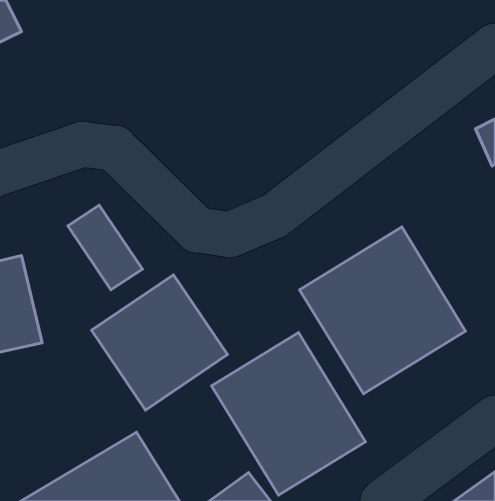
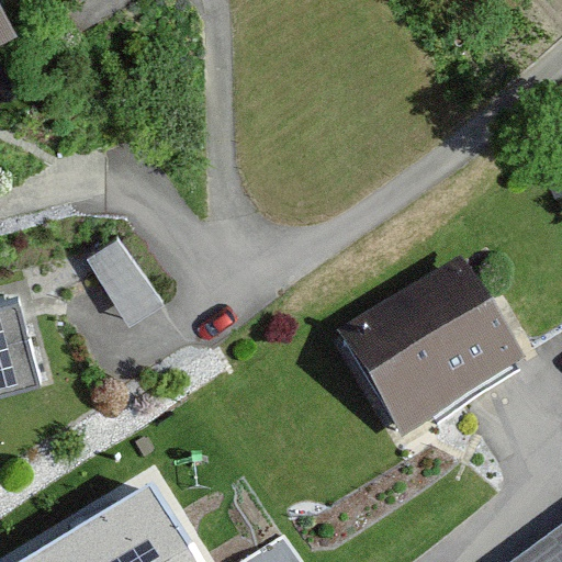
building: [92,275,227,410] -> none
building: [212,332,365,495] -> none

